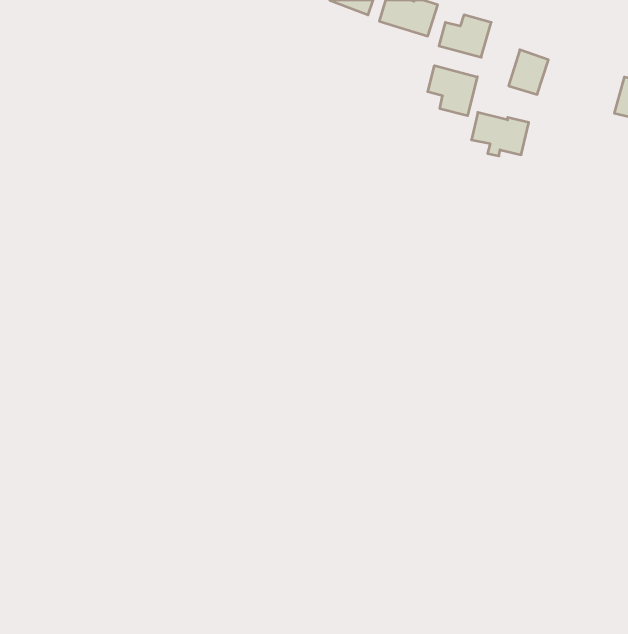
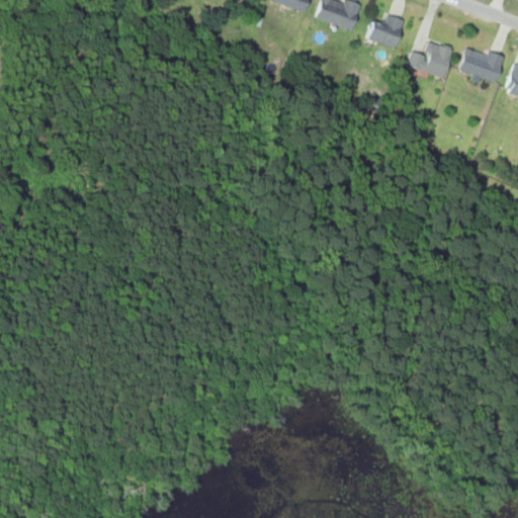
building: [428,66,477,116] -> none
building: [471,112,529,156] -> [457,48,504,83]

